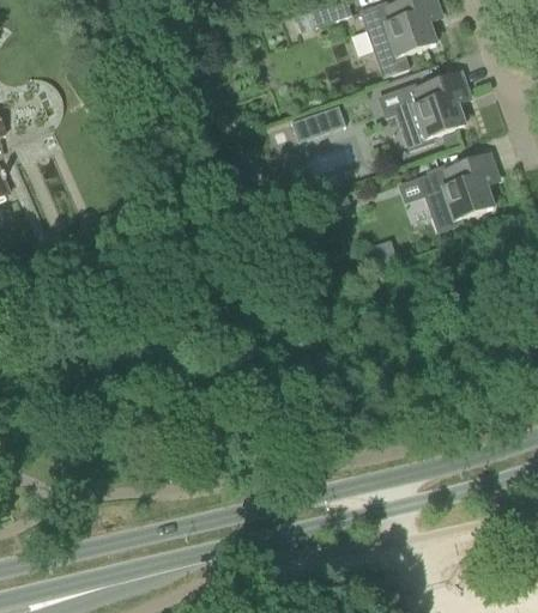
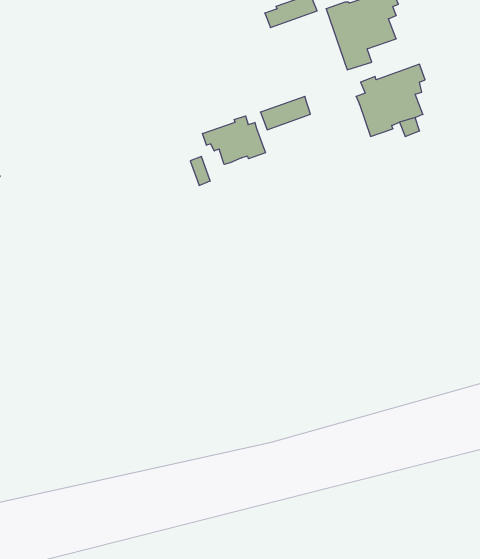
building: none -> [202,116,265,164]
building: [424,151,495,229] -> none

